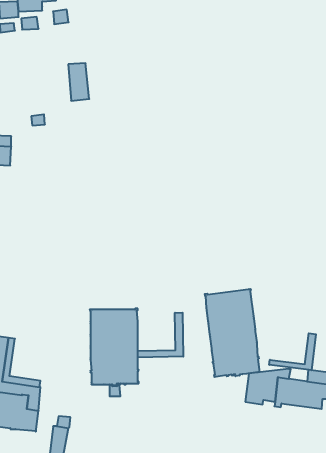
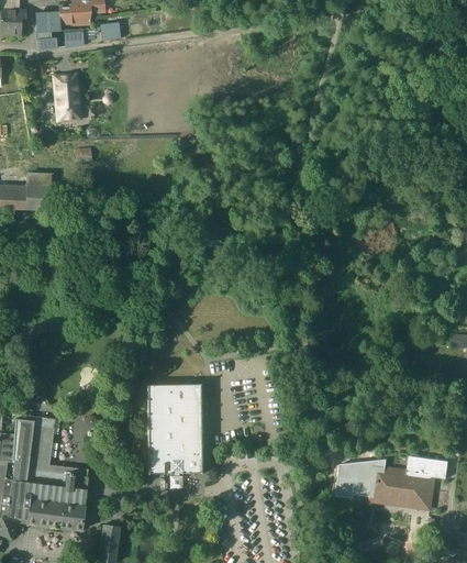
building: [68,63,89,101] -> [55,75,80,120]
building: [205,289,260,377] -> none
building: [138,313,183,357] -> none
building: [269,333,316,370] -> none

